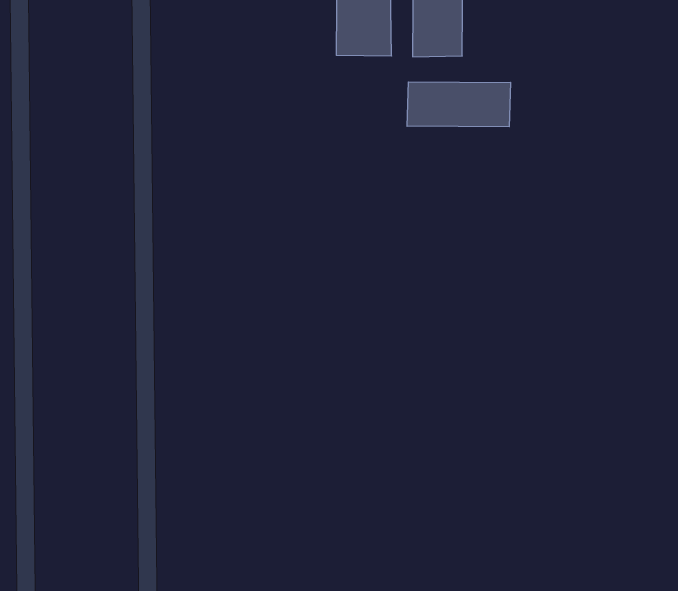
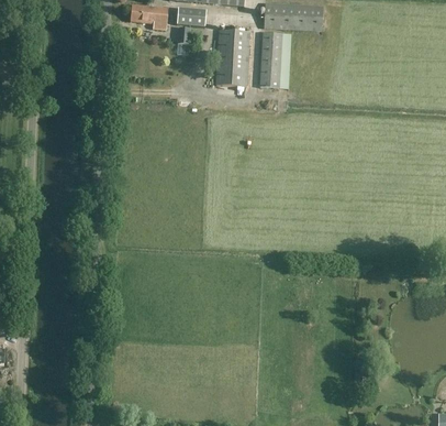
building: [407,82,511,127] -> none

